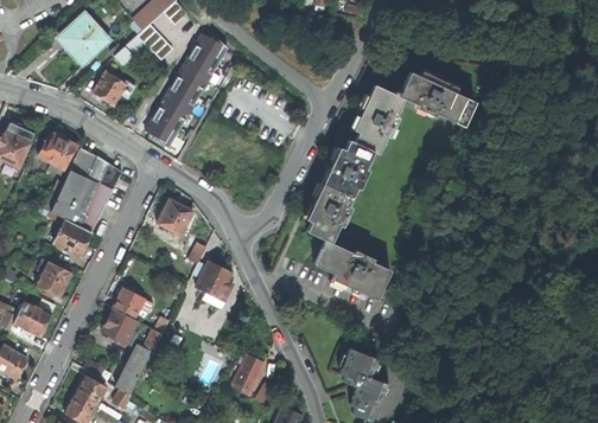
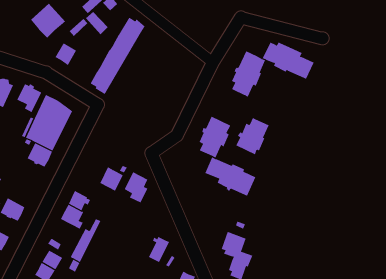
building: [324,137,374,193] -> [235,117,269,155]
building: [157,198,192,235] -> [99,166,124,191]
building: [36,258,72,295] -> none

